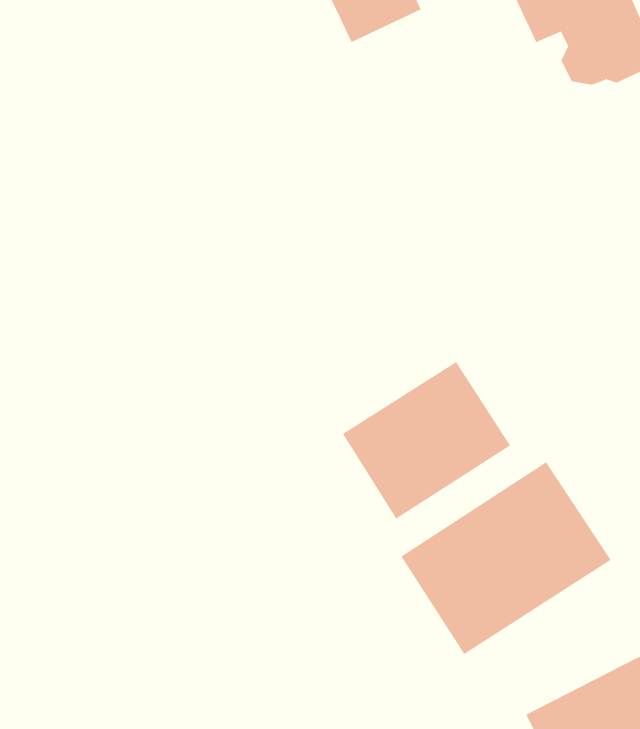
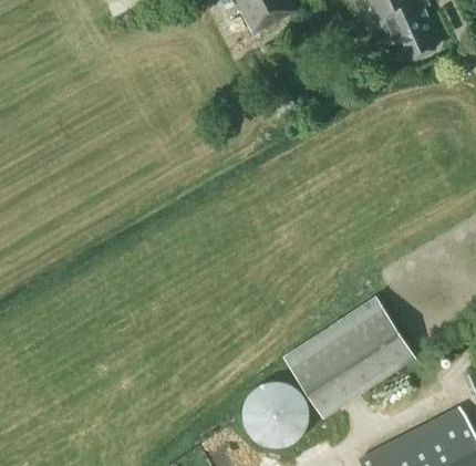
building: [342,361,511,520] -> none
building: none -> [241,381,308,447]

